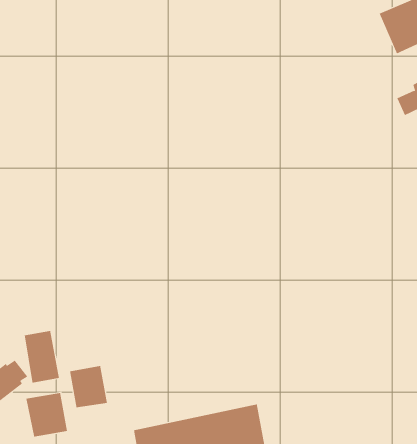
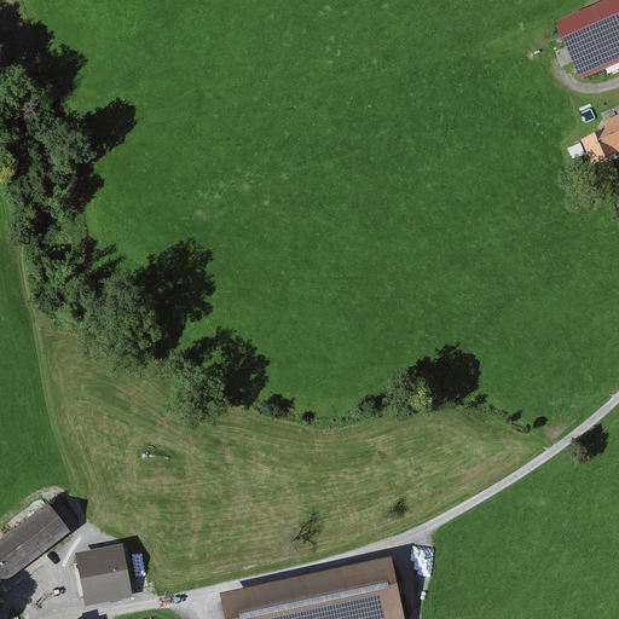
building: [24,330,59,384] -> none
building: [69,365,107,408] -> none

